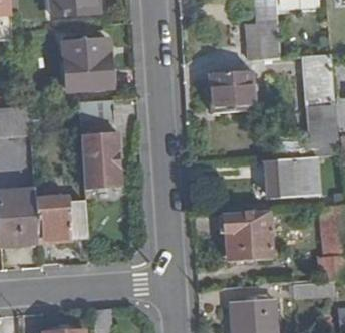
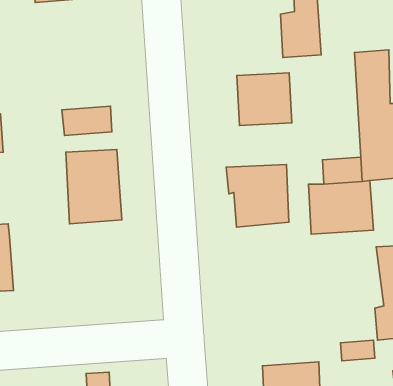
building: [61,38,110,88] -> none
building: [34,197,85,242] -> none
building: [224,210,273,259] -> [226,164,289,227]

